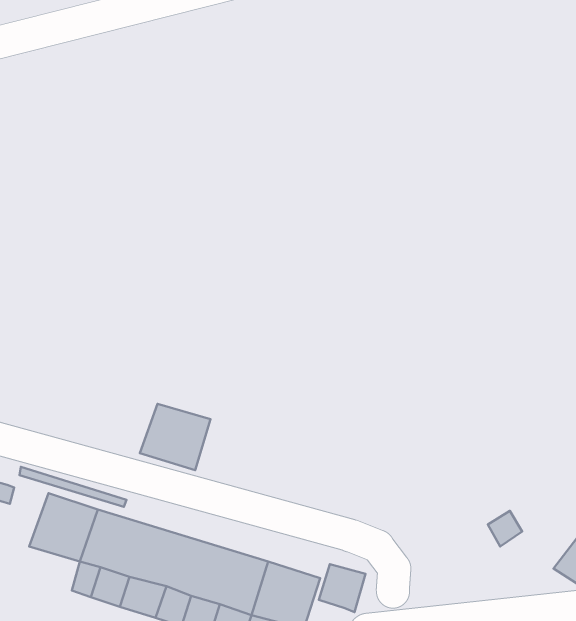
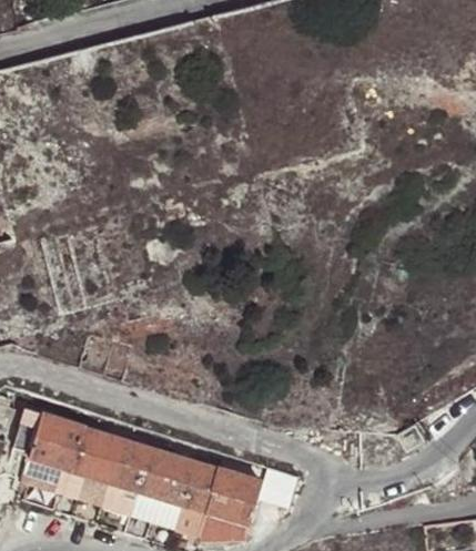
building: [140,404,210,470] -> none
building: none -> [20,456,68,491]

